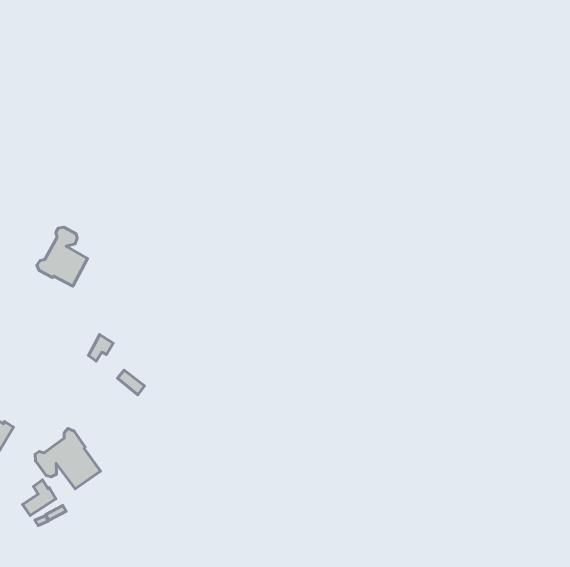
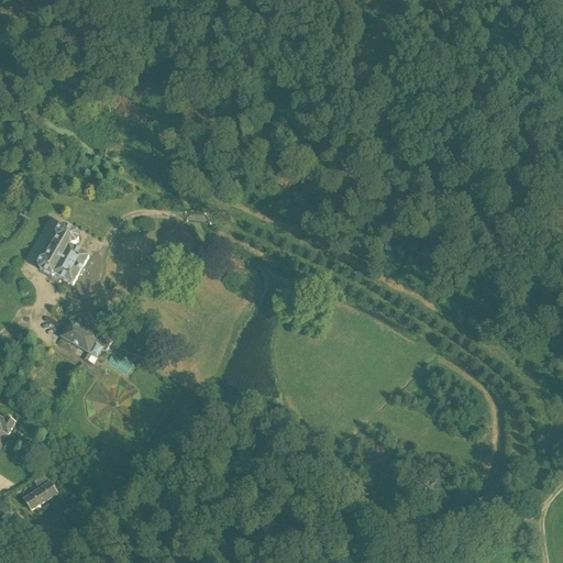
building: none -> [58,317,96,350]
building: [35,429,100,489] -> none

